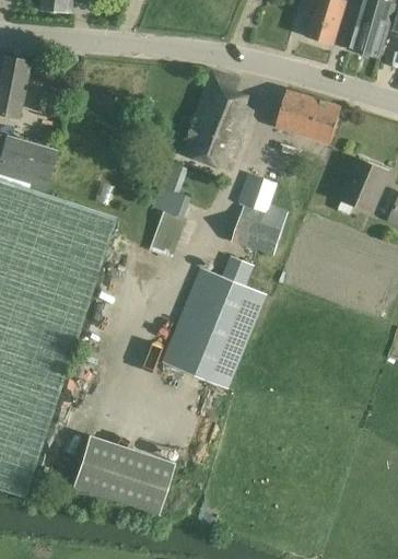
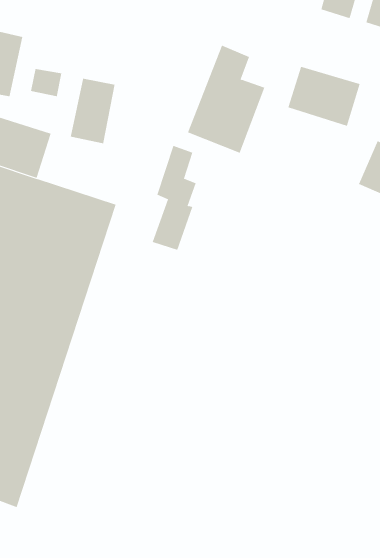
building: none -> [70,78,115,144]
building: [231,174,288,256] -> none
building: [161,256,268,388] -> none
building: [71,435,174,515] -> none

